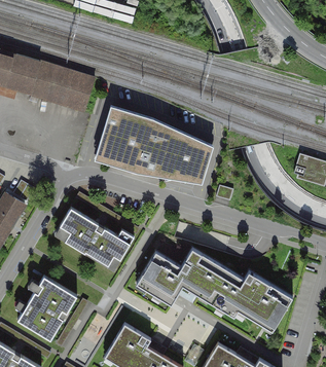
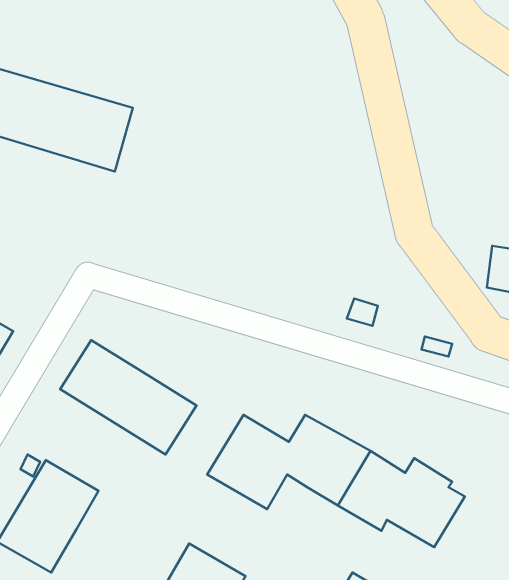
building: [95,105,214,183] -> none

